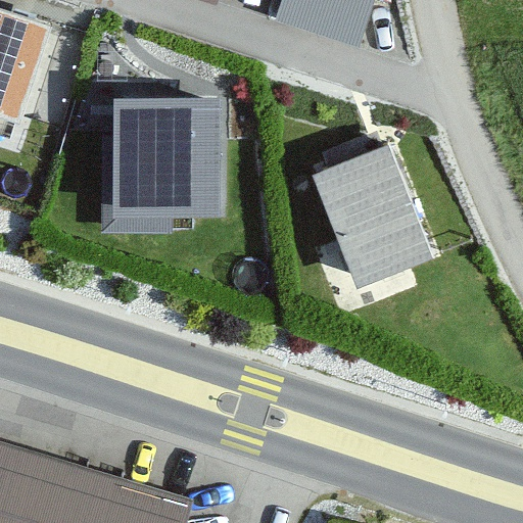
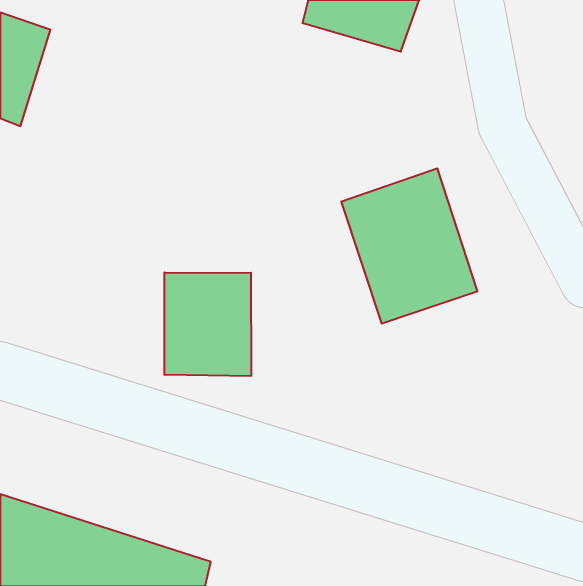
building: [113,102,219,217] -> none
building: none -> [165,272,251,376]

